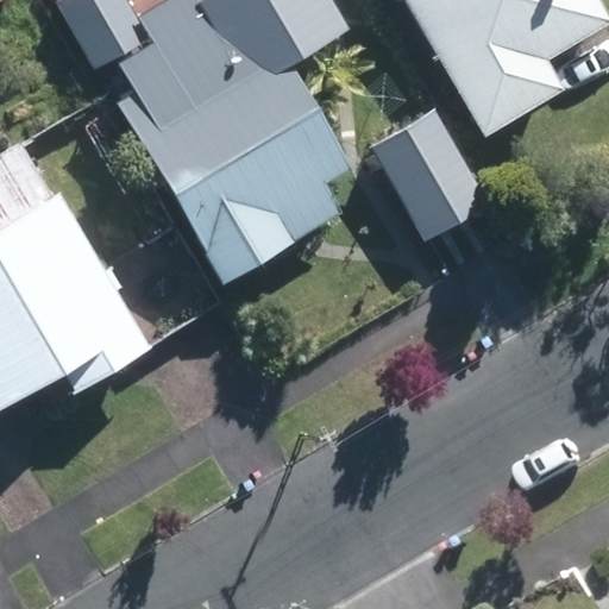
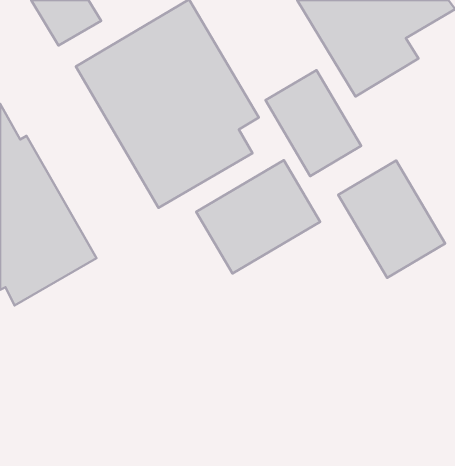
building: none -> [196,160,320,274]
building: none -> [338,160,445,278]

